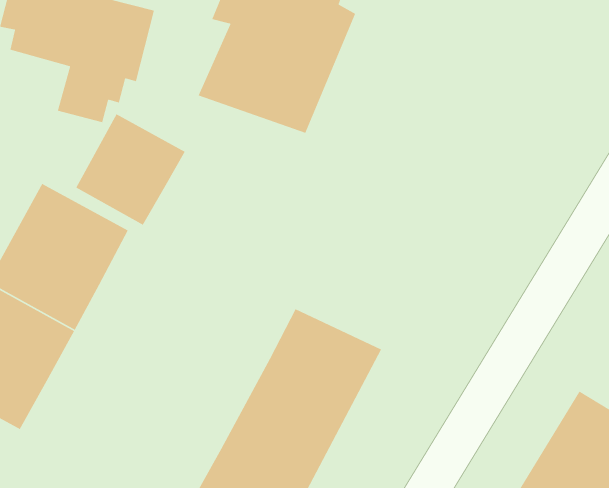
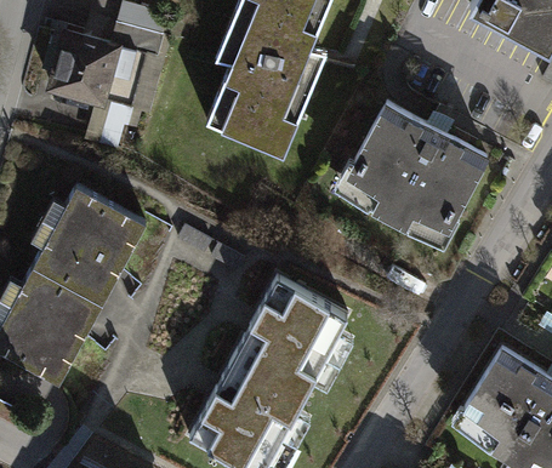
building: none -> [342,102,483,233]
building: [75,113,186,226] -> none

